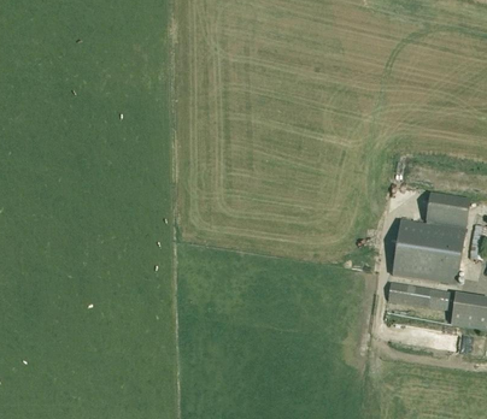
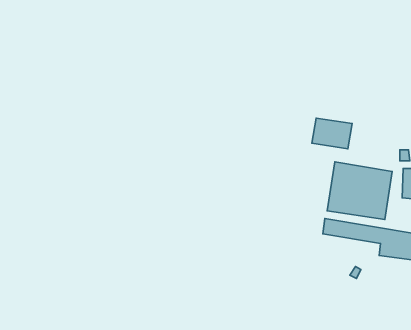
building: [424,191,469,225] -> [312,118,352,149]

